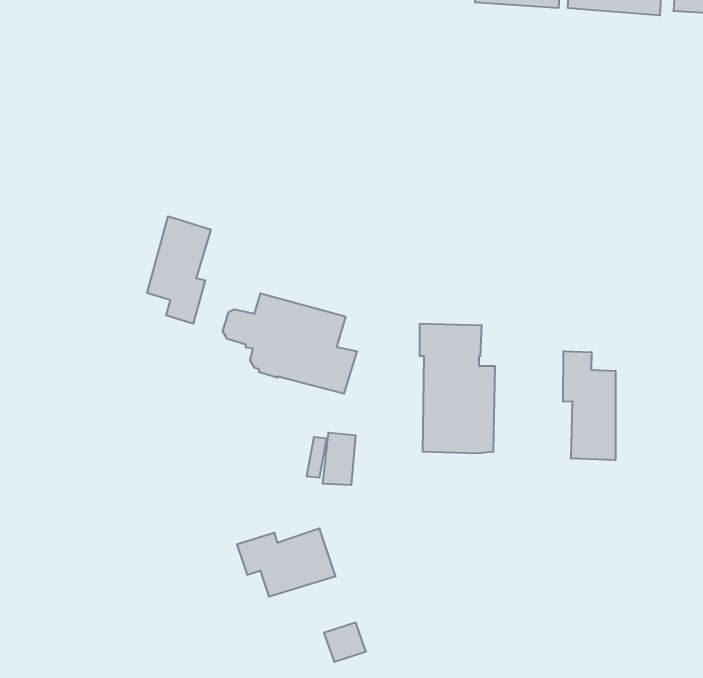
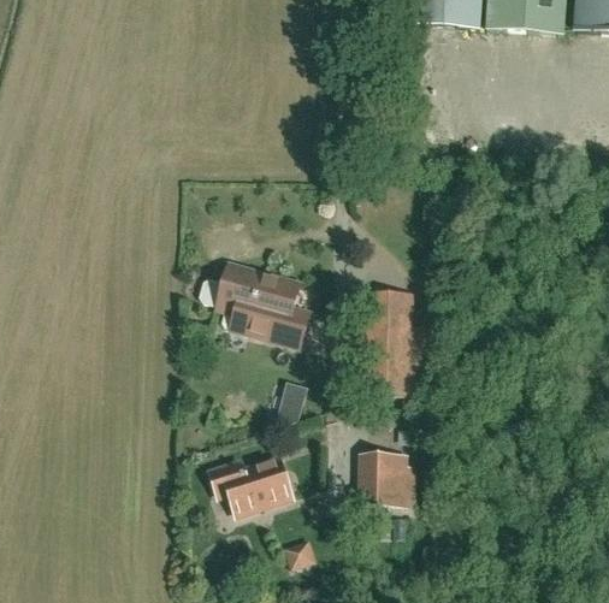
building: [147,216,211,324] -> none
building: [563,351,615,460] -> none
building: none -> [363,455,406,506]

